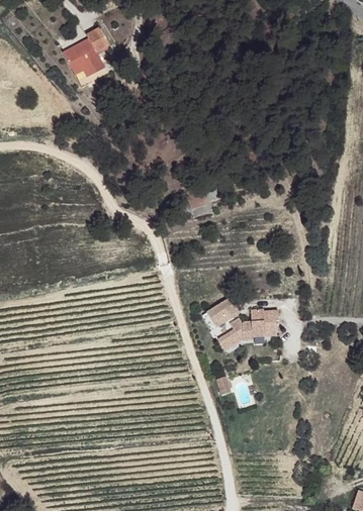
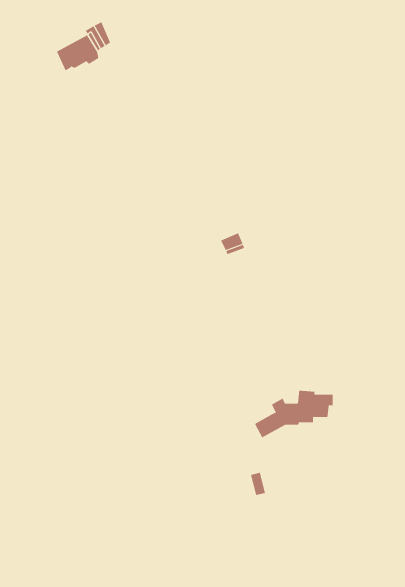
building: [209,300,241,329] -> none

